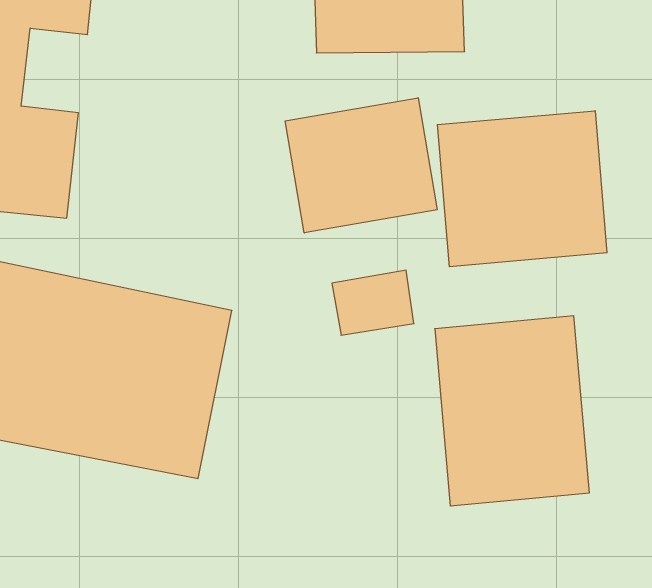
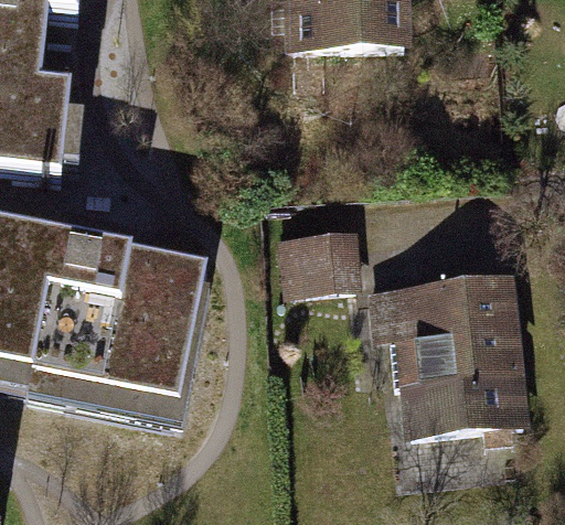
building: [285,98,437,233] -> none
building: [437,111,607,267] -> none

